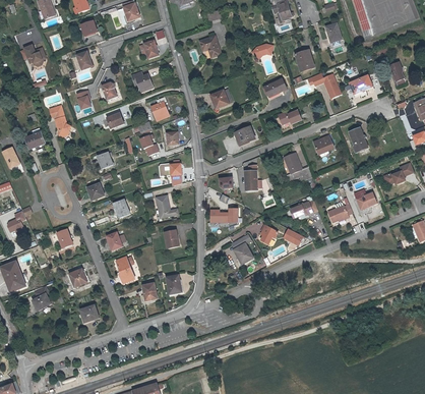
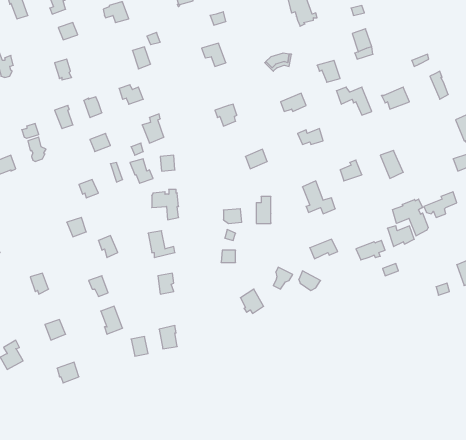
building: none -> [393,199,428,236]

